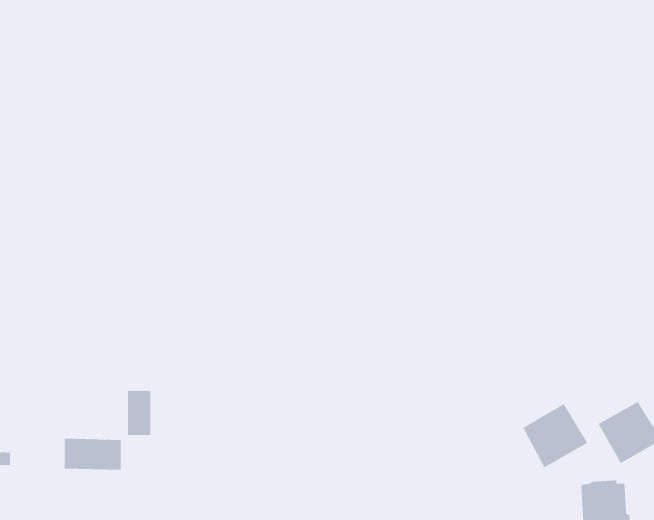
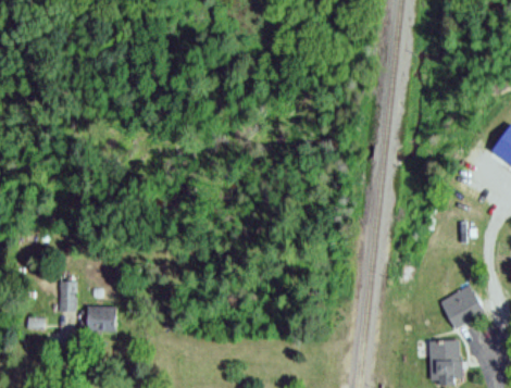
building: [127,390,151,435] -> [60,281,76,312]
building: [523,403,588,468] -> none

